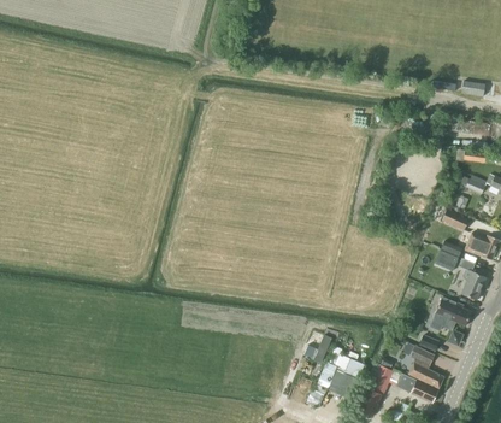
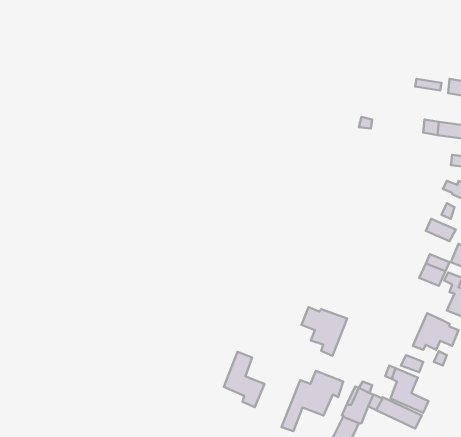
building: none -> [301,307,347,356]
building: none -> [224,352,265,407]

